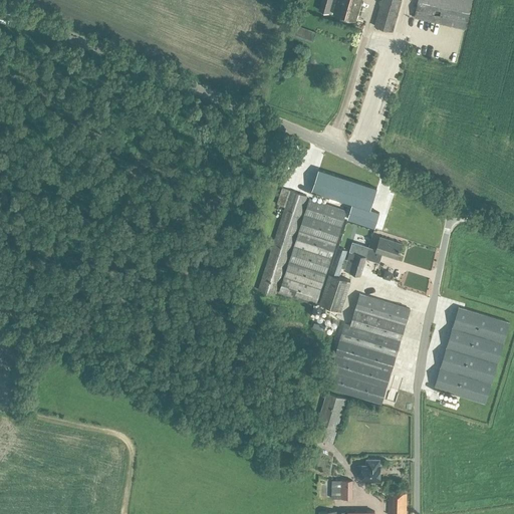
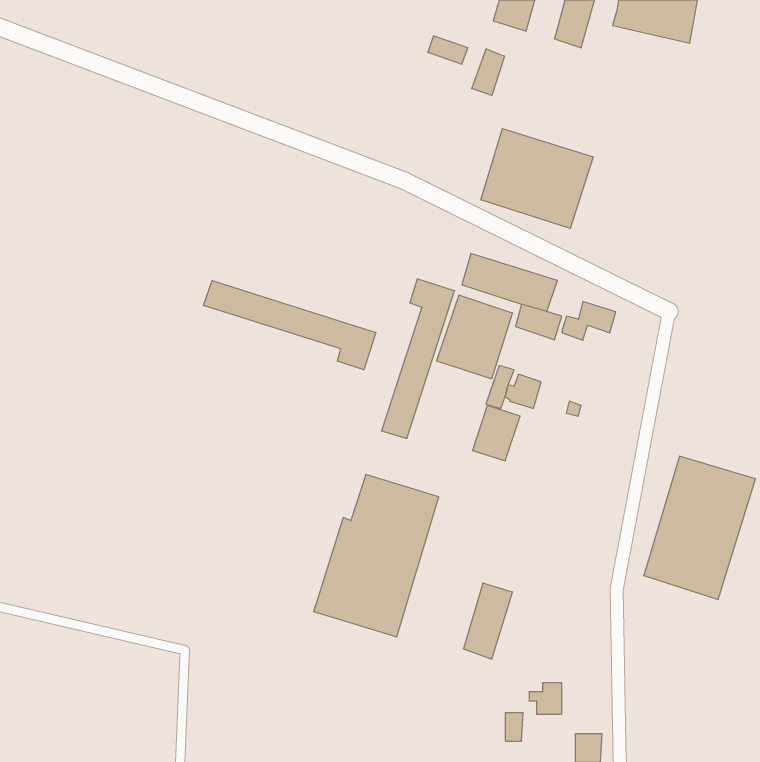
building: none -> [472,49,504,95]
building: none -> [481,129,593,228]
building: none -> [204,280,376,370]
building: [364,237,401,263] -> [562,301,616,340]
building: [278,243,331,303] -> none
building: [324,294,409,404] -> [314,474,439,637]

